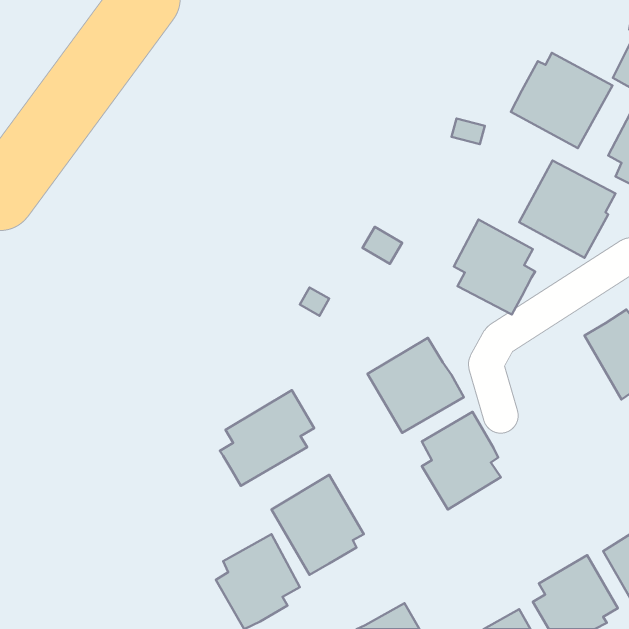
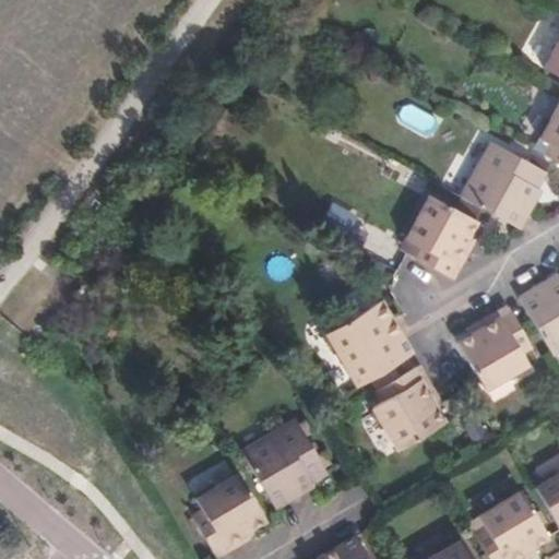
building: [511,53,612,148] -> none
building: none -> [456,305,528,385]
building: [220,390,314,486] -> none

